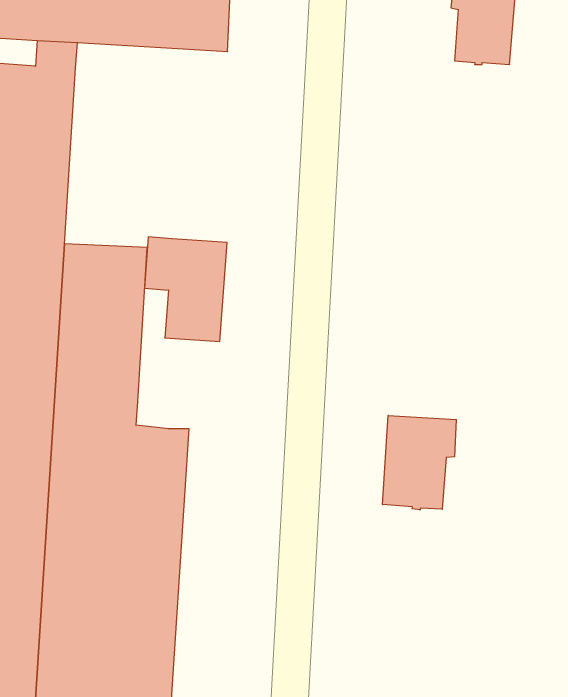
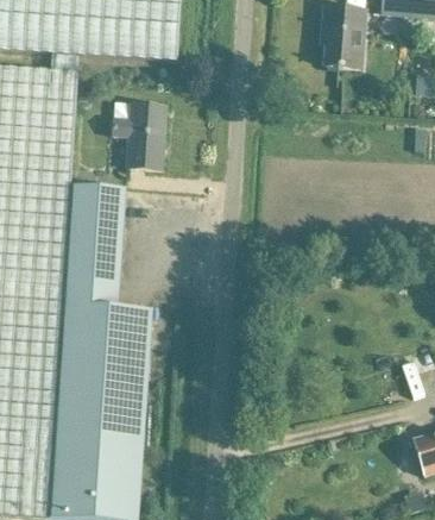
building: [145,237,227,341] -> [113,102,166,170]
building: [383,415,456,510] -> none

